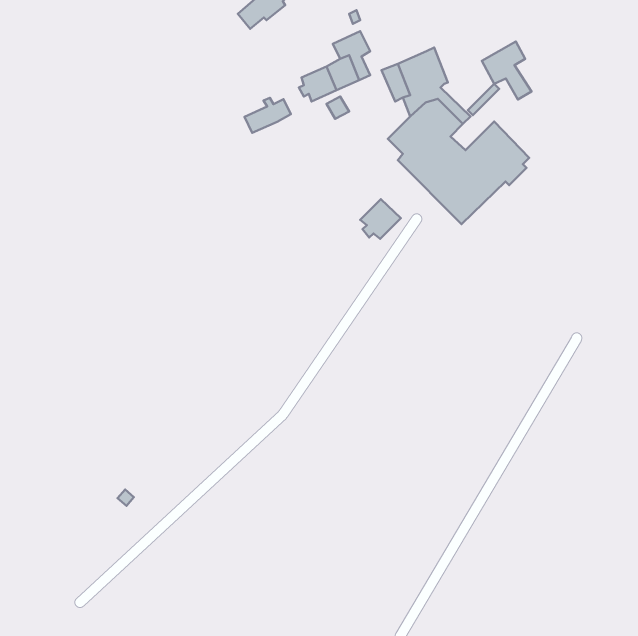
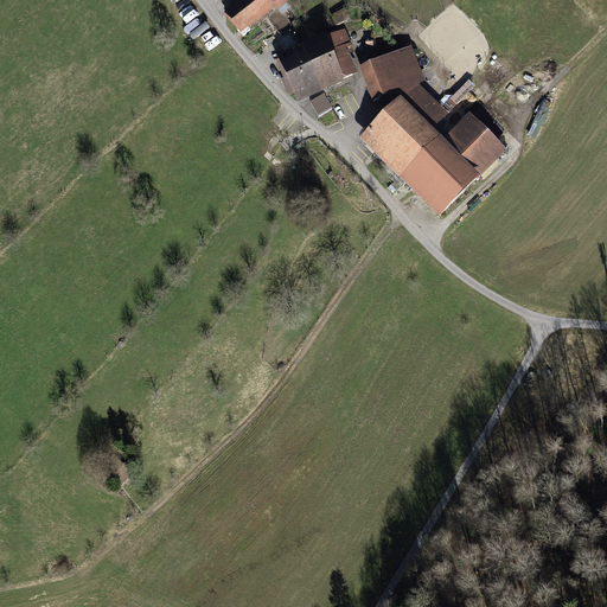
building: [482,41,532,99] -> none
building: [245,98,291,133] -> [279,40,322,74]
building: [360,199,401,239] -> none

